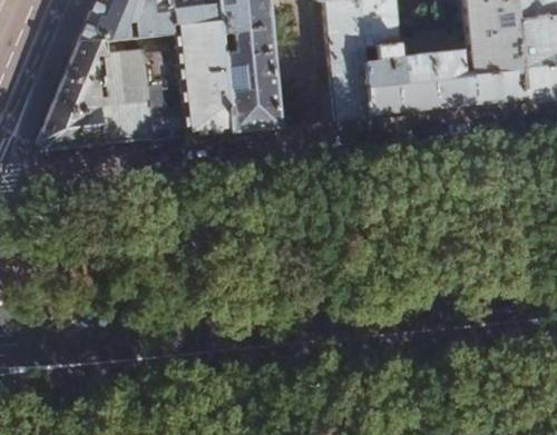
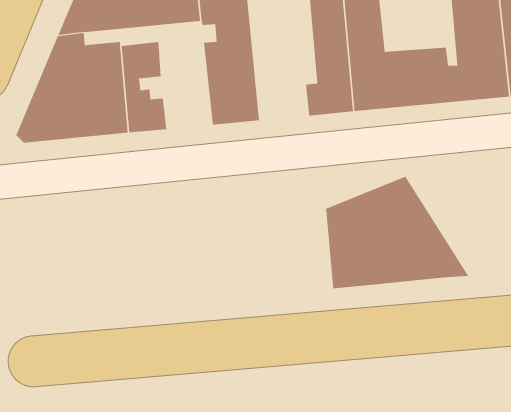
building: [179,26,234,132] -> none
building: none -> [325,176,469,289]

